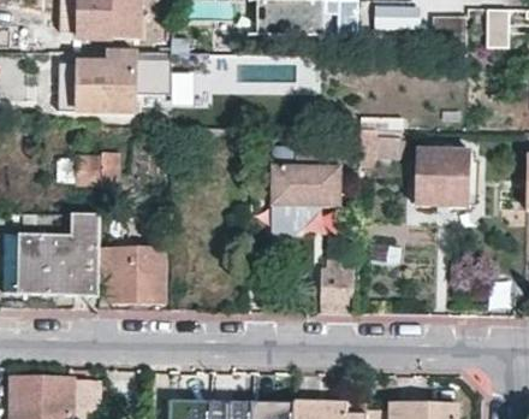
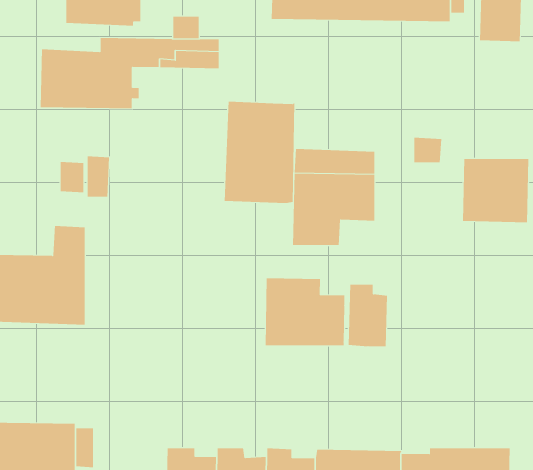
building: none -> [224,101,295,204]
building: [102,243,165,300] -> none
building: none -> [265,277,345,346]

